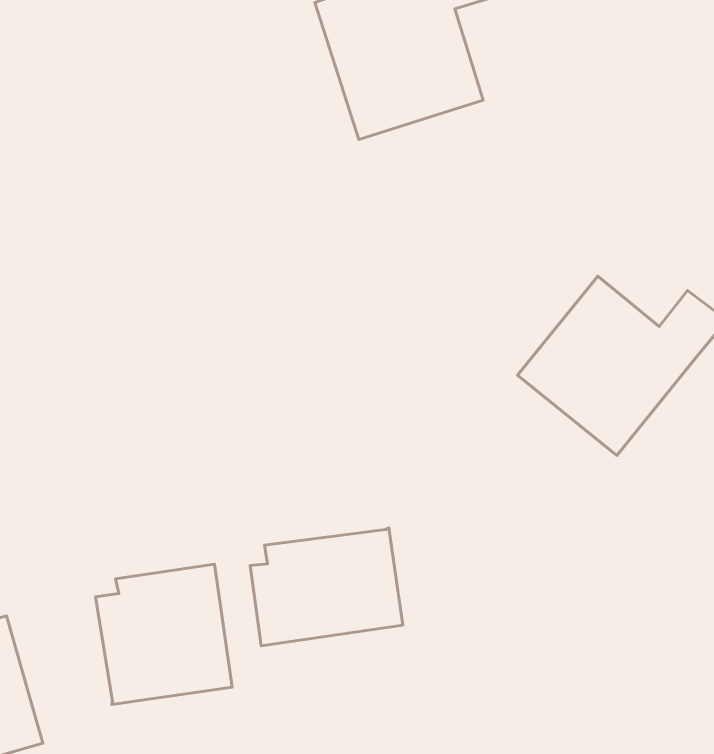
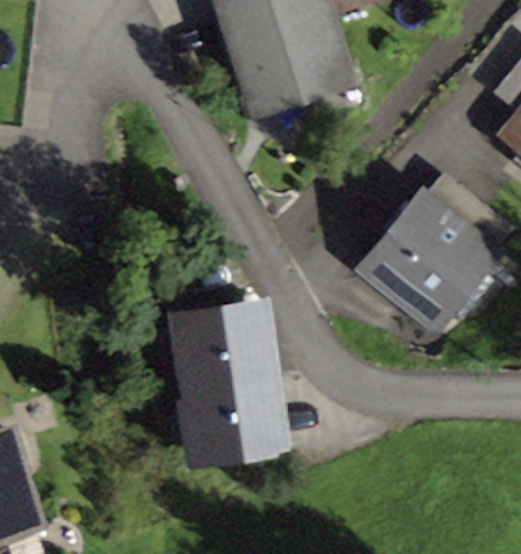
building: none -> [166,310,275,388]
building: [95,564,232,705] -> none

